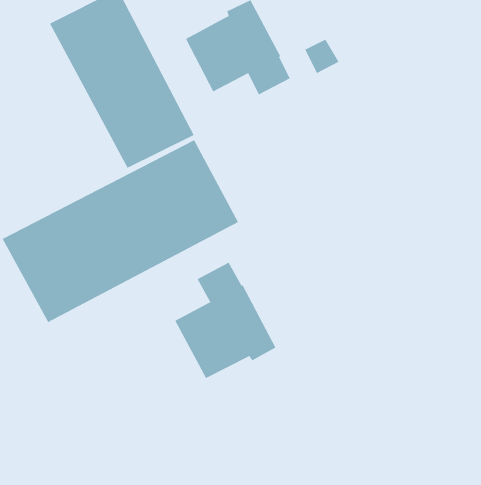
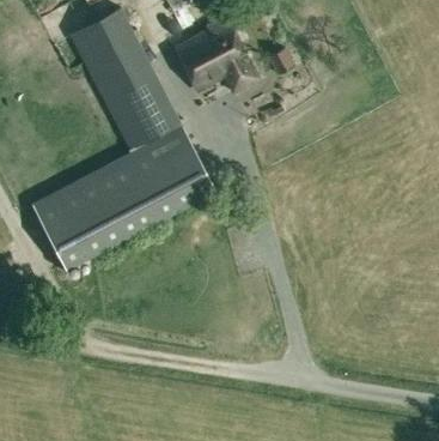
building: [175,262,276,379] -> none

